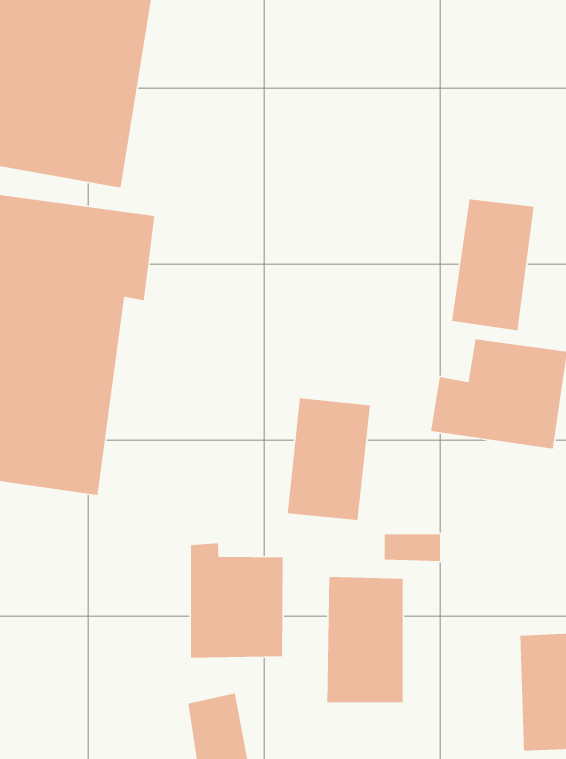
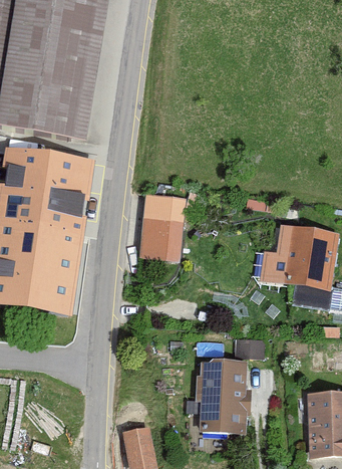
building: [451,199,535,331] -> none
building: [287,398,371,521] -> [134,191,182,260]
building: [190,543,283,658] -> none

